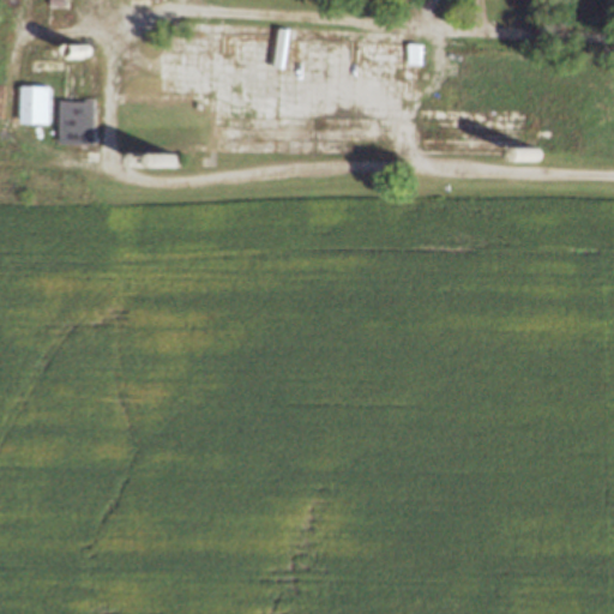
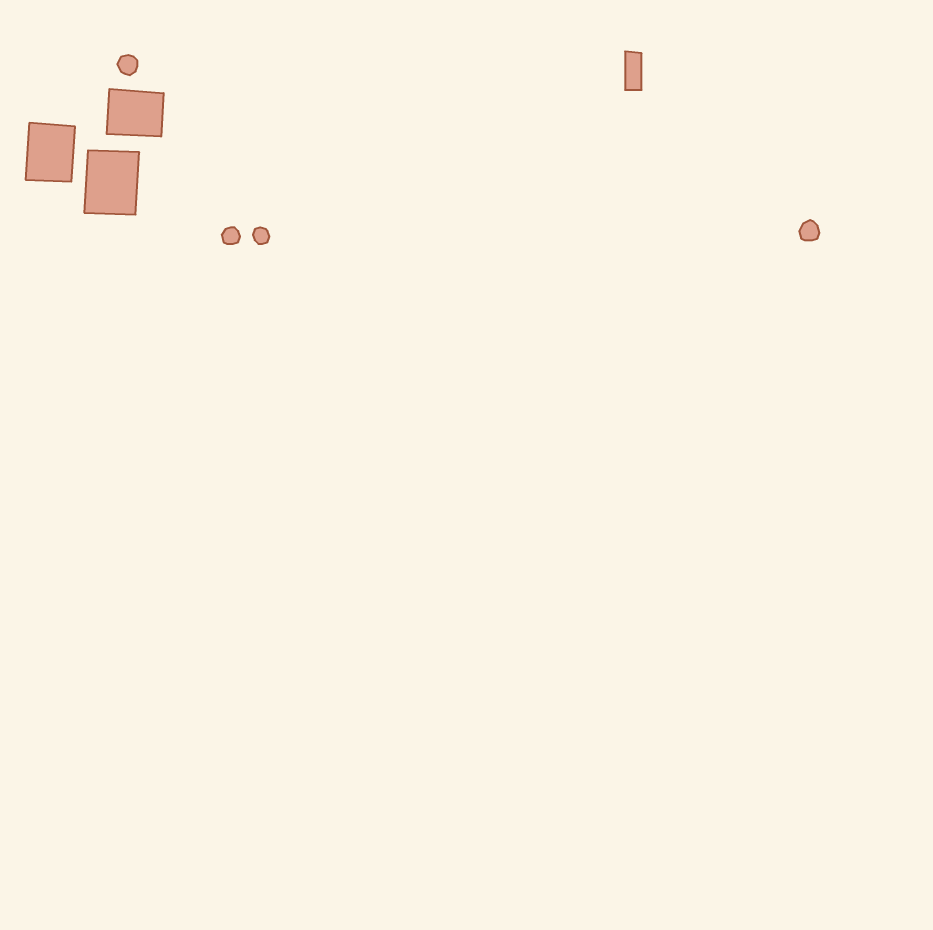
building: none -> [107,89,164,137]

